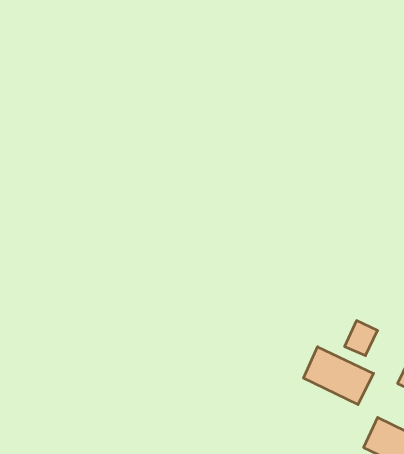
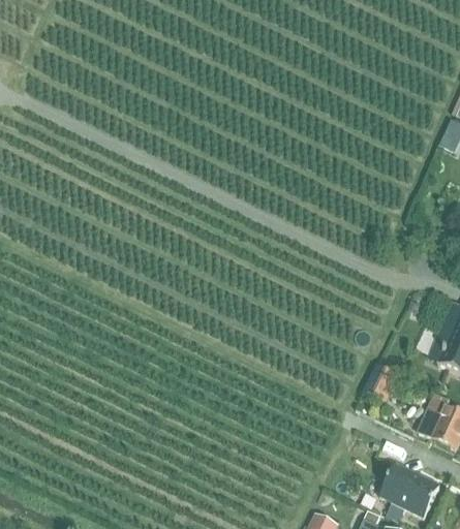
building: [304,347,374,405] -> none

